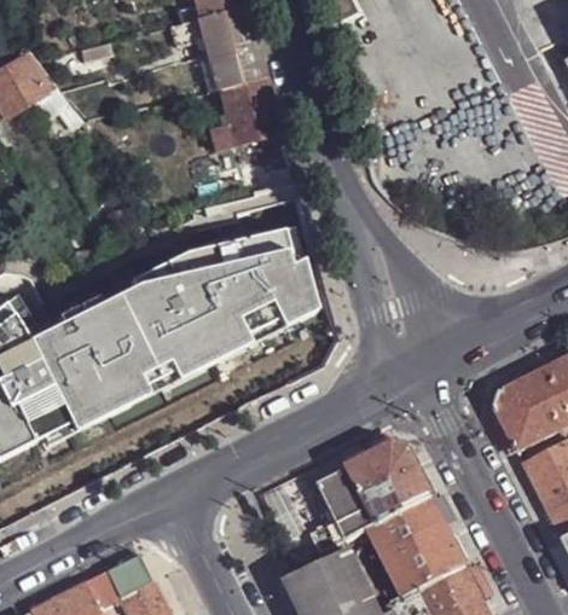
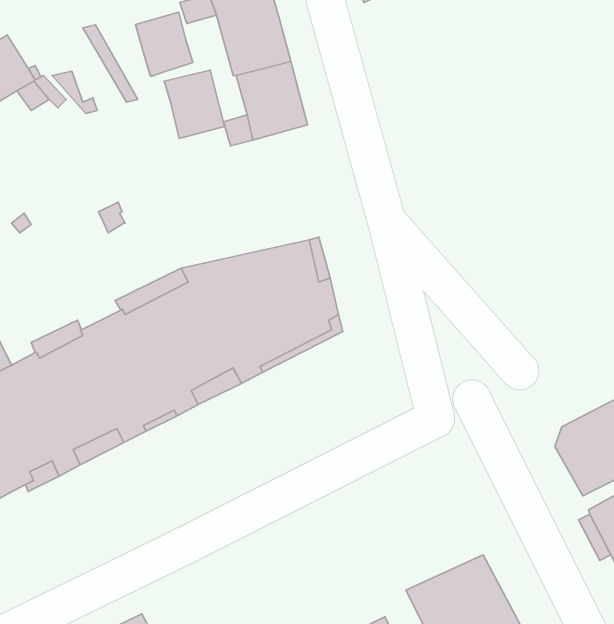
building: none -> [136,12,193,76]
building: none -> [164,70,225,138]
building: [312,447,431,543] -> none

